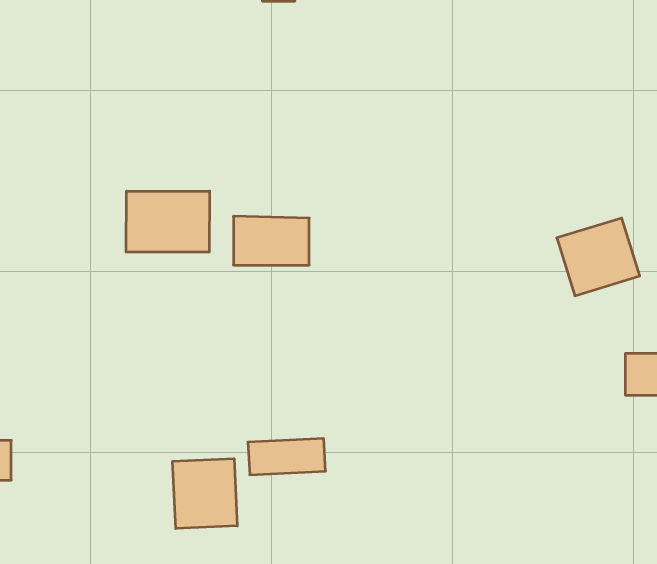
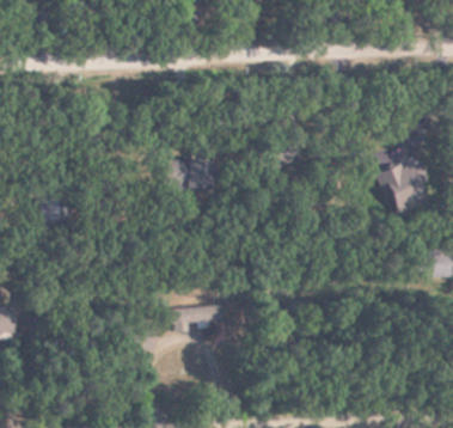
building: [126,191,210,252] -> none
building: [173,459,237,529] -> none

